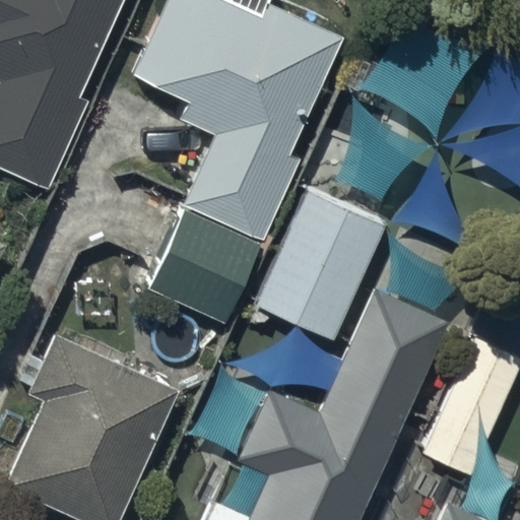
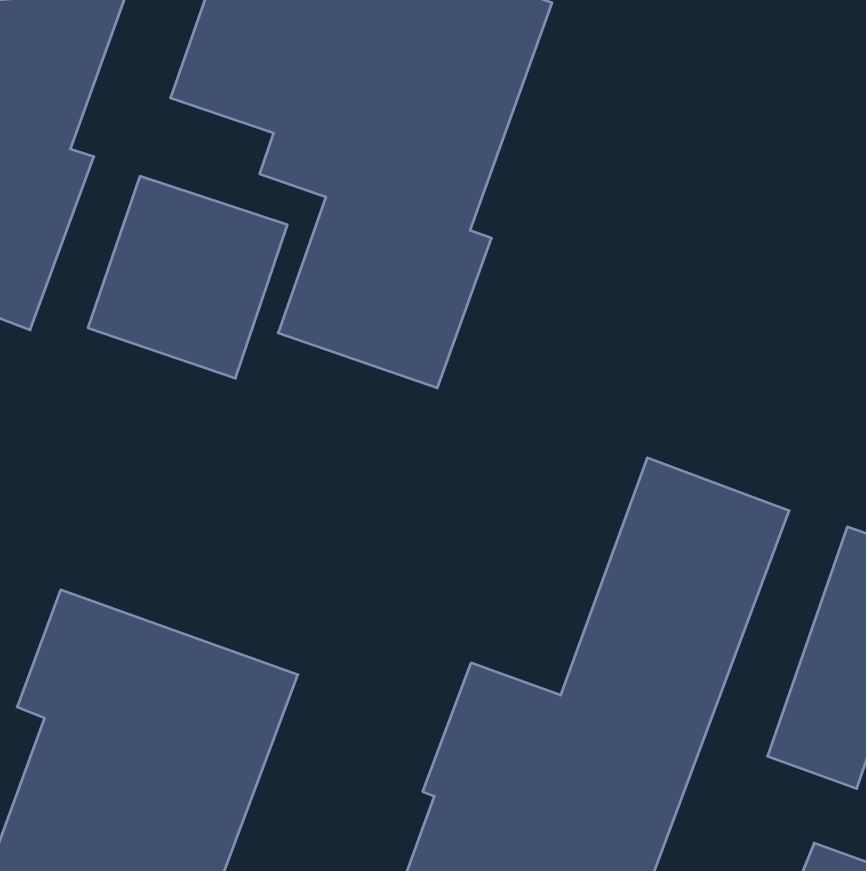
building: [254,190,386,340] -> none
building: [148,212,260,325] -> [88,176,287,378]

